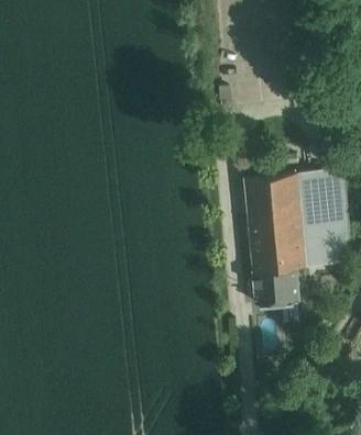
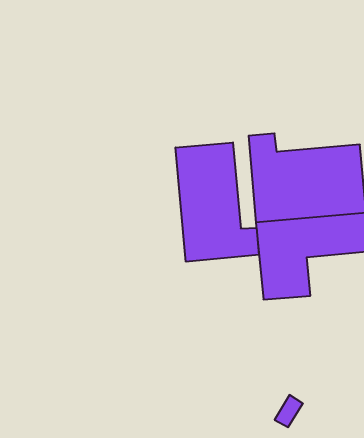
building: none -> [176,142,259,262]

